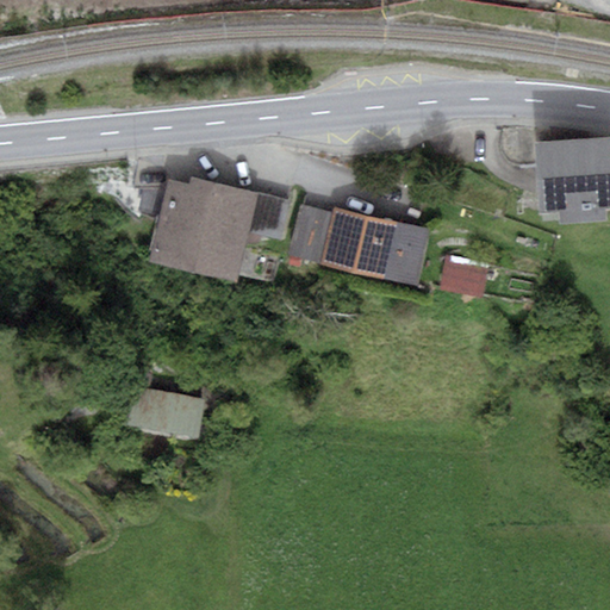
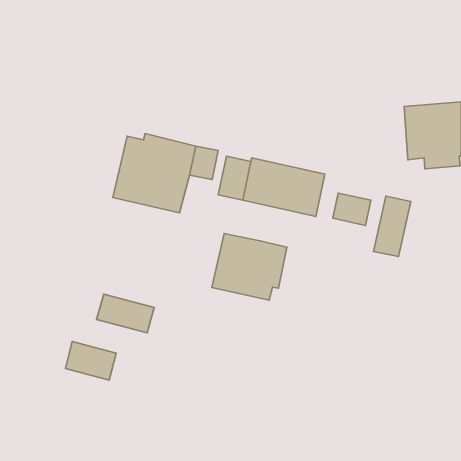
building: none -> [374,196,411,256]
building: none -> [212,234,287,300]
building: none -> [65,341,116,380]

